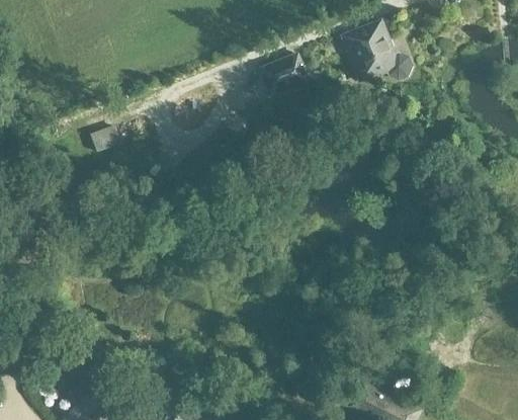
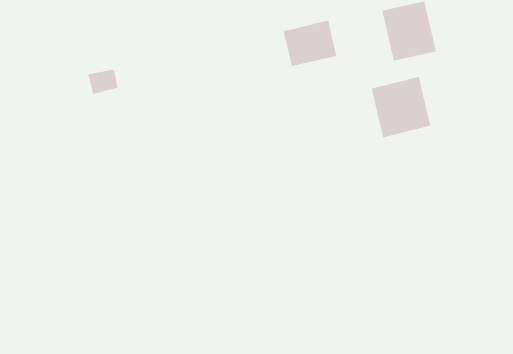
building: none -> [371,76,431,138]

